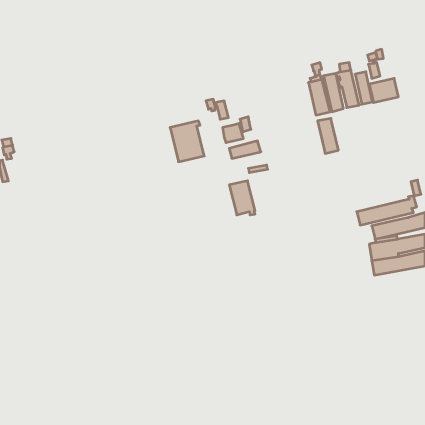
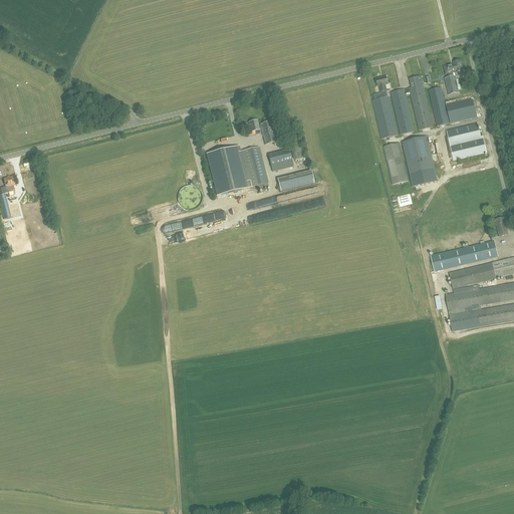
building: none -> [446,122,486,160]
building: none -> [401,136,437,187]
building: [229,181,255,215] -> [237,147,268,188]

